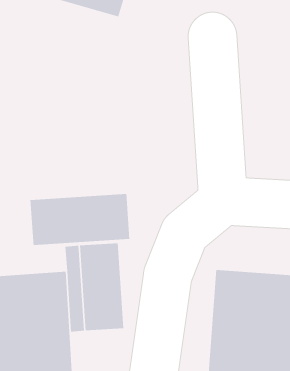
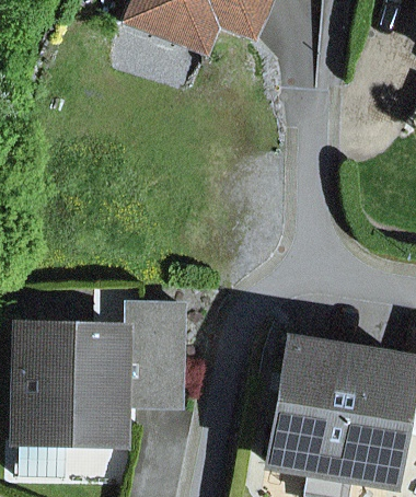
building: [30,193,130,246] -> none

